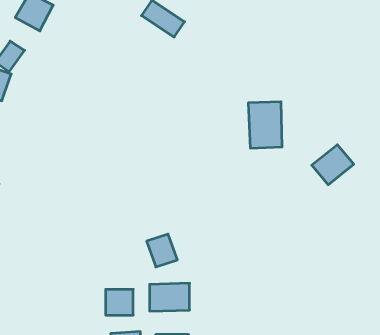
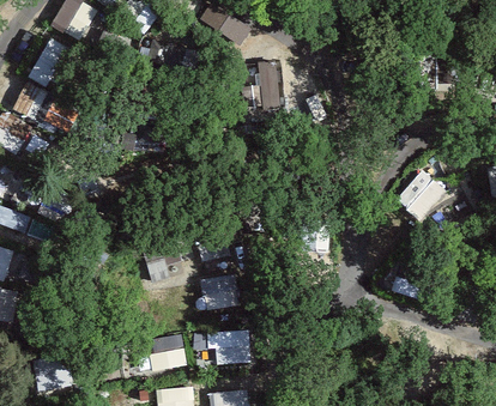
building: [248,102,282,148] -> [238,62,278,116]

